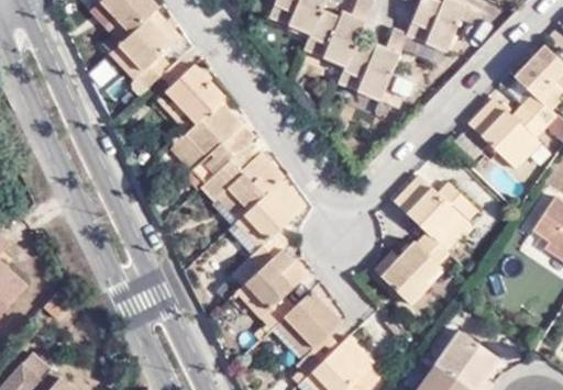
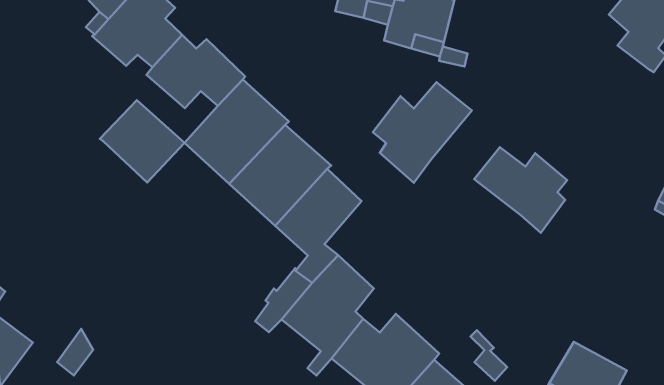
building: [470,100,544,169] -> none
building: none -> [100,100,184,183]
building: none -> [373,82,472,183]
building: [380,230,452,301] -> none

